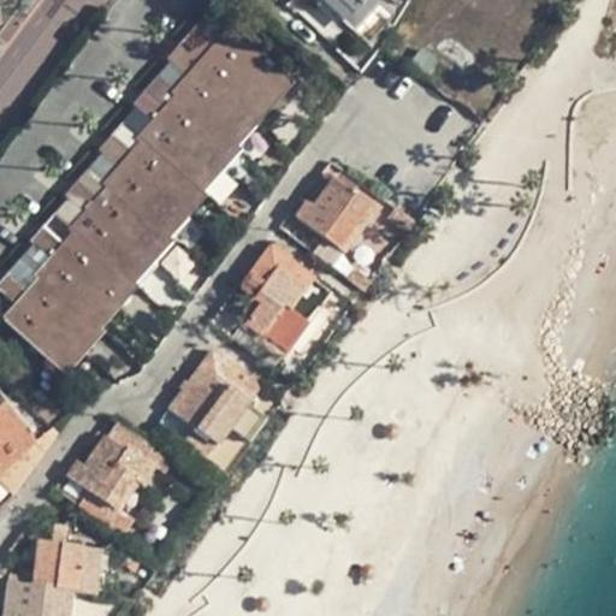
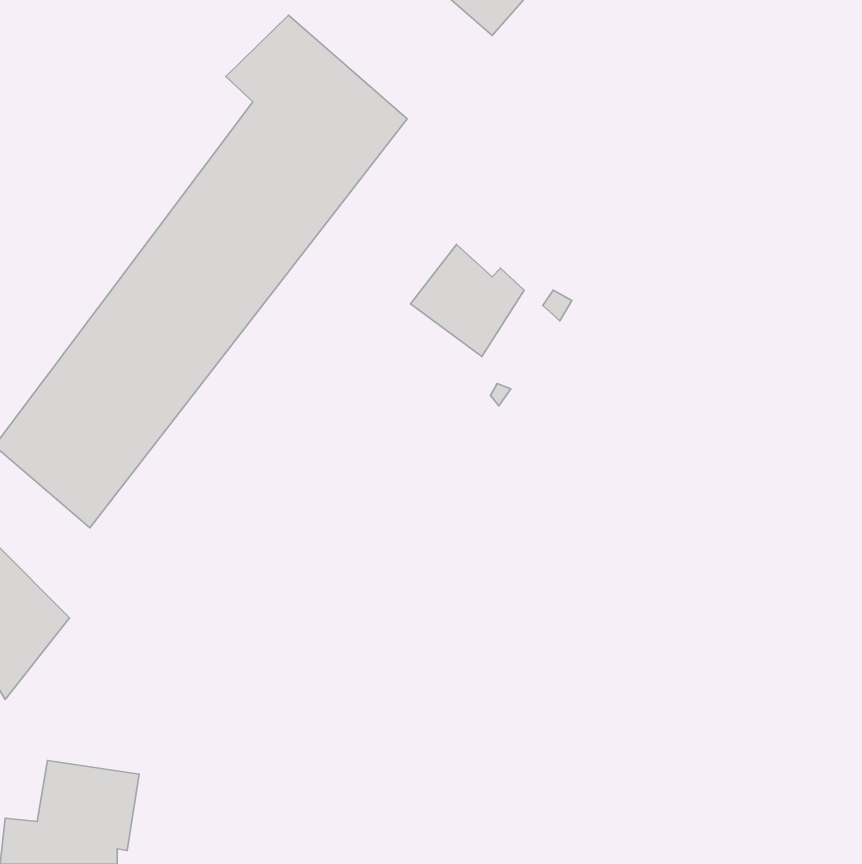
building: [232,251,328,354] -> none
building: [165,349,260,451] -> none
building: [65,420,161,533] -> none

